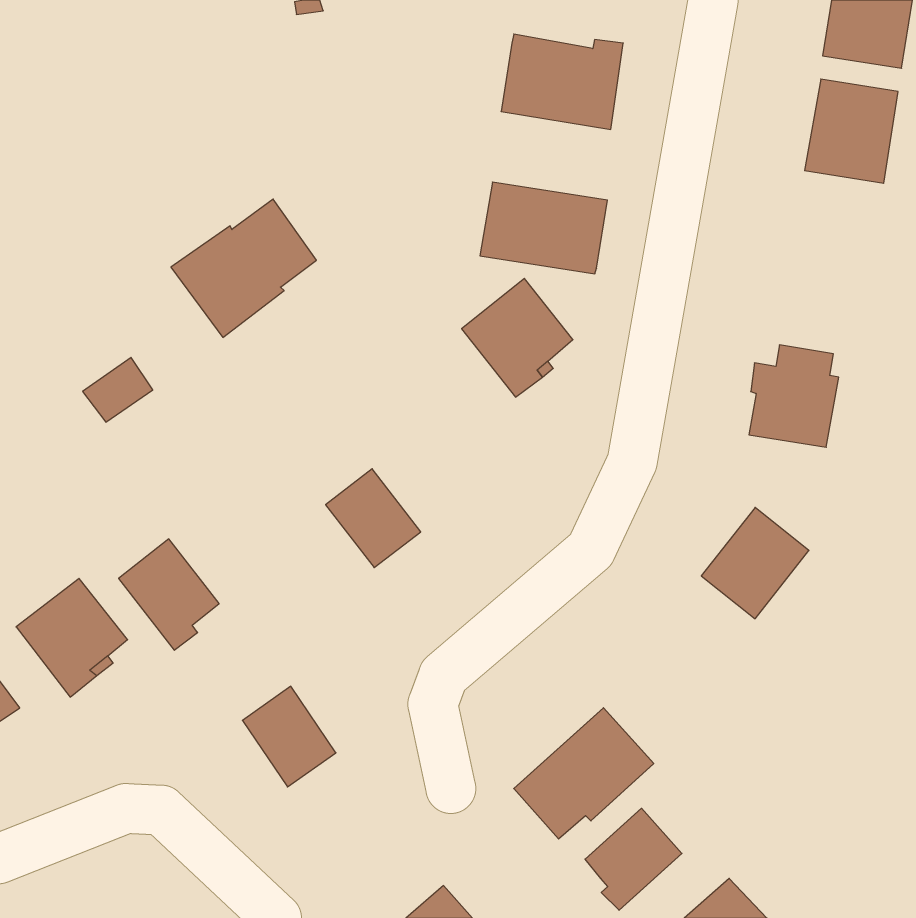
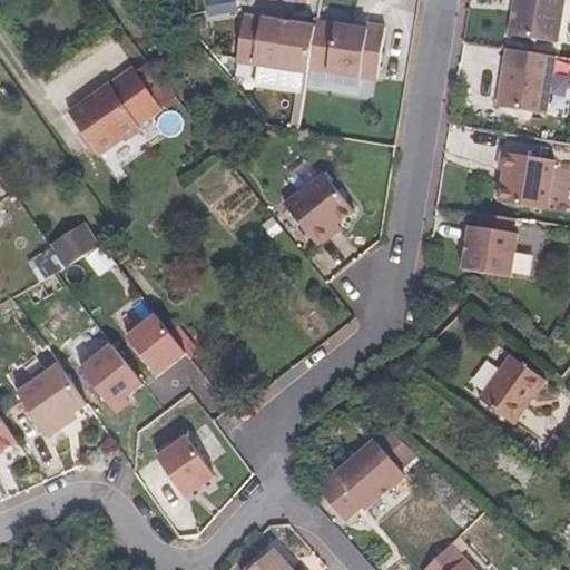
building: [480,182,607,274] -> [238,16,317,72]
building: [171,199,316,337] -> [65,65,155,150]
building: none -> [500,151,557,210]
building: [326,469,421,568] -> [120,305,179,366]
building: [701,507,809,619] -> [479,351,546,420]
building: [585,808,682,910] -> none

